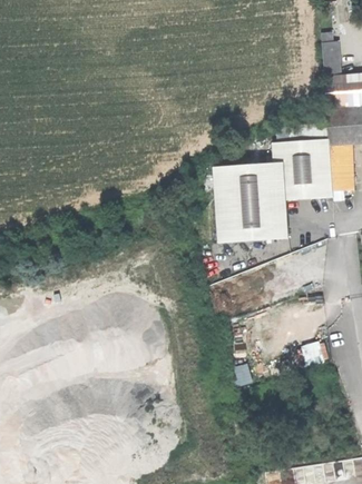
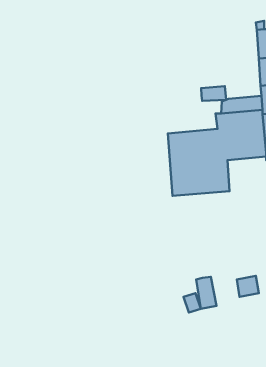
building: none -> [201,86,226,101]
building: none -> [196,277,216,309]

